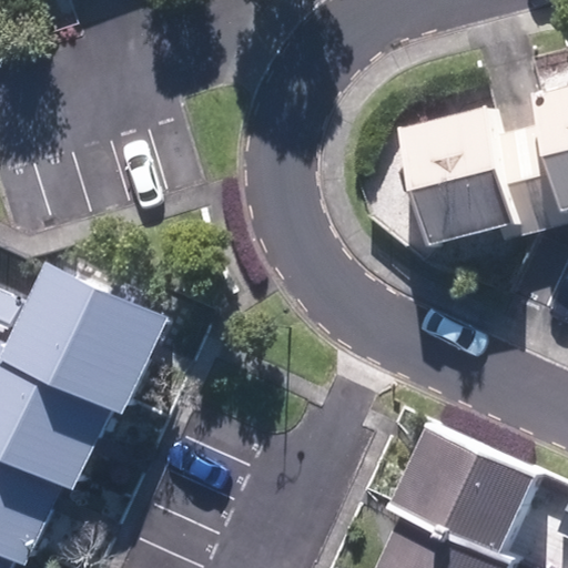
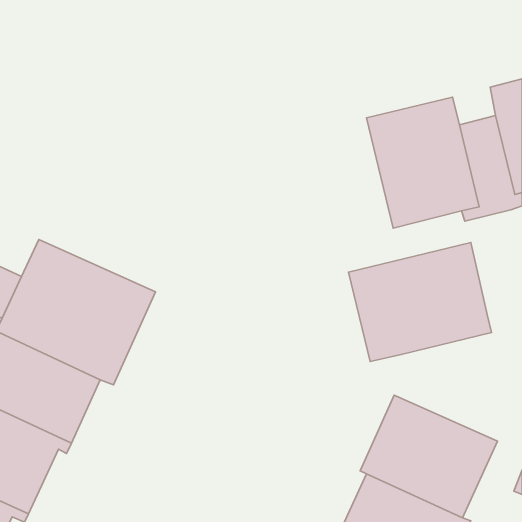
building: none -> [348,243,492,361]

